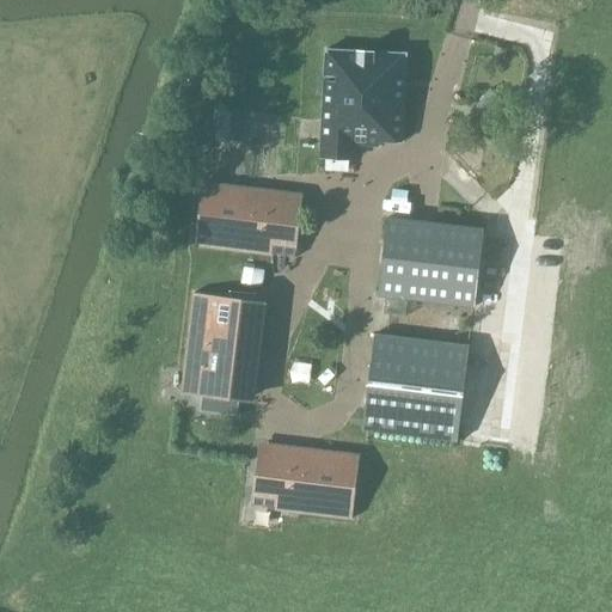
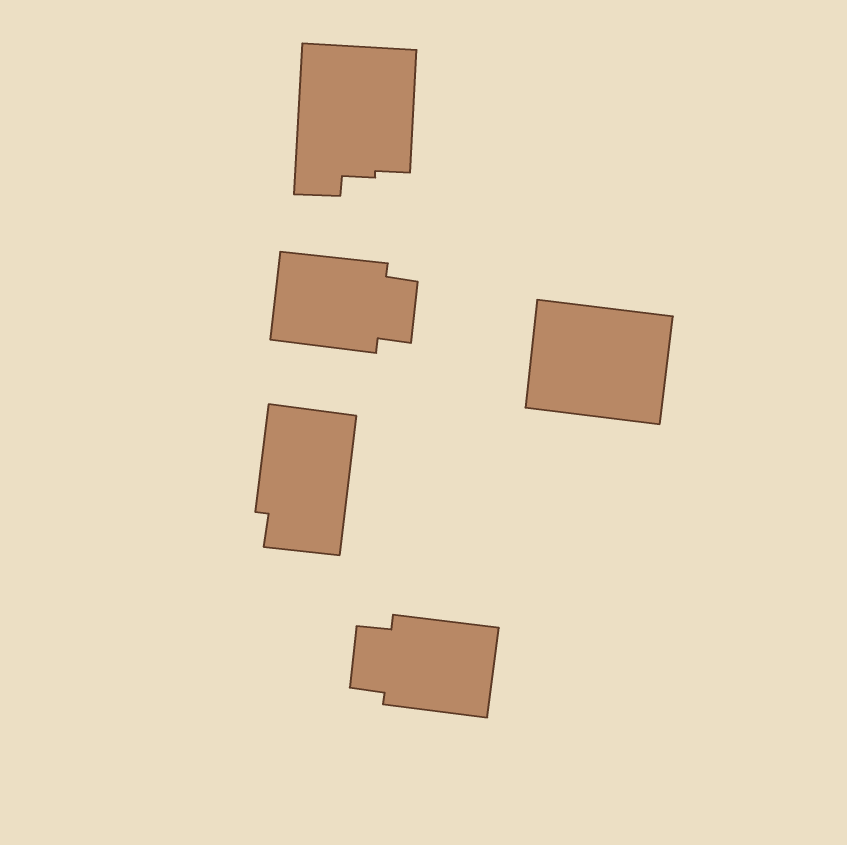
building: [319,48,408,158] -> [294,43,417,196]
building: [362,335,471,441] -> none

